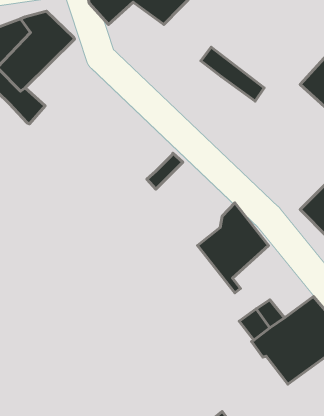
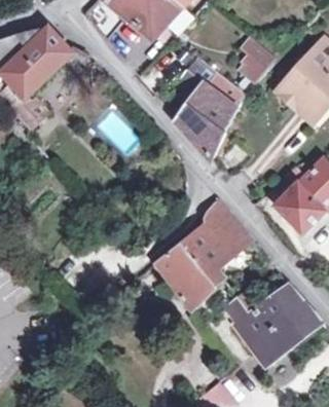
building: none -> [232,36,276,84]
building: none -> [175,83,235,158]
building: none -> [154,237,219,306]

